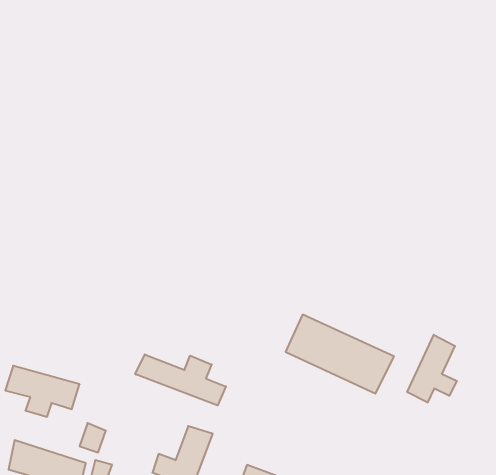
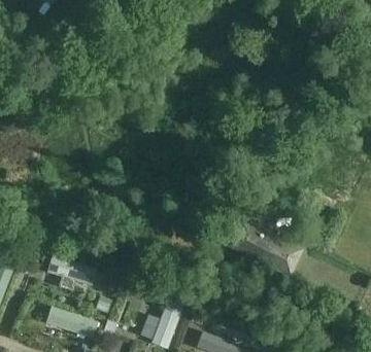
building: [407,335,457,403] -> none
building: [135,354,226,405] -> none

